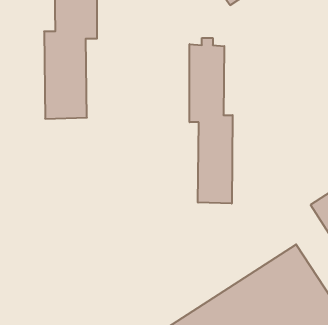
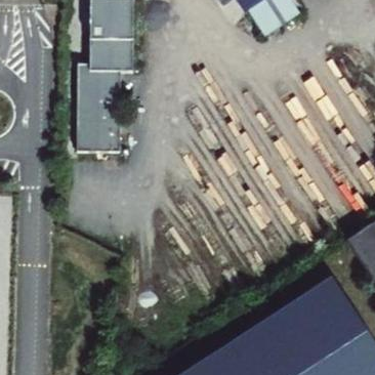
building: [190,38,233,204] -> none

